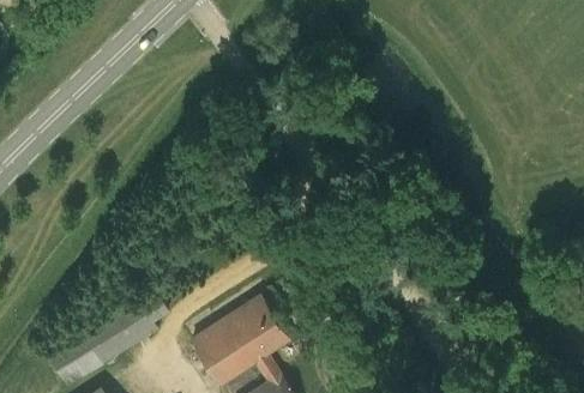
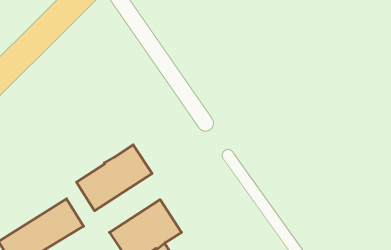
building: none -> [77,145,152,211]

